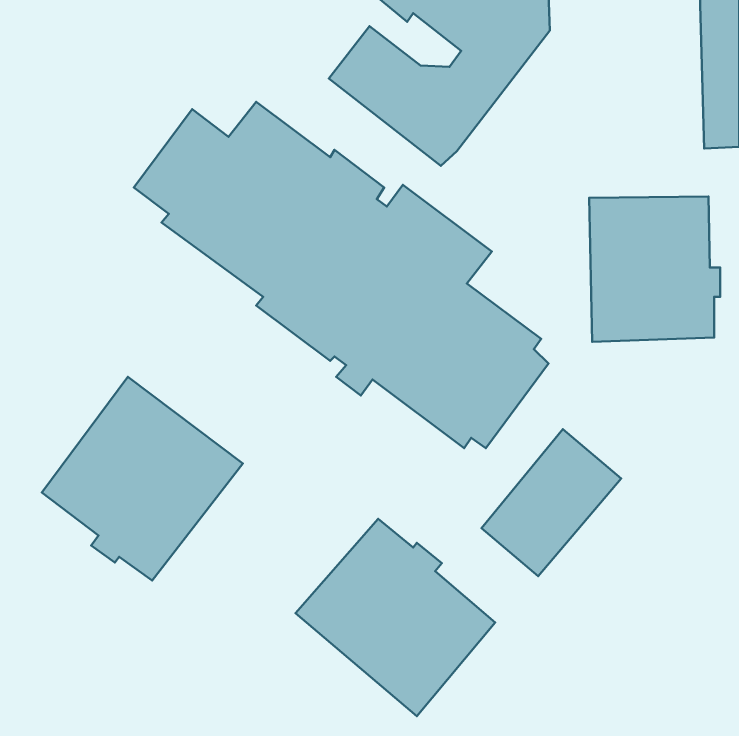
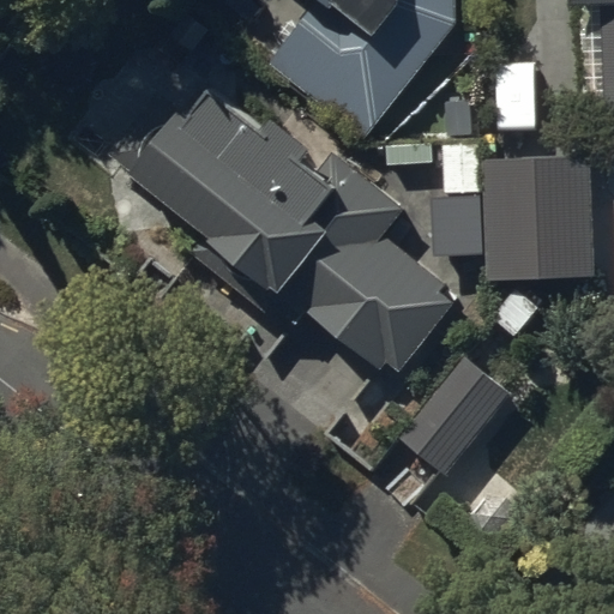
building: [42,377,243,580] -> none
building: [295,519,495,716] -> none

